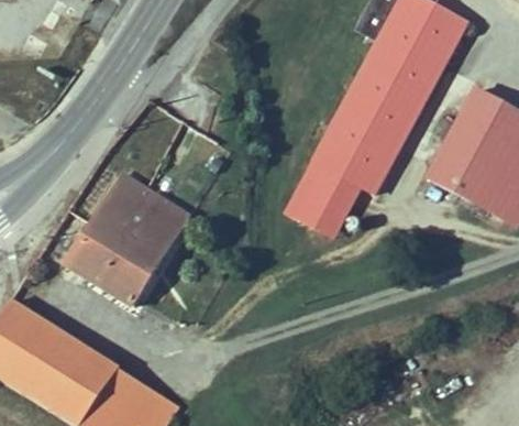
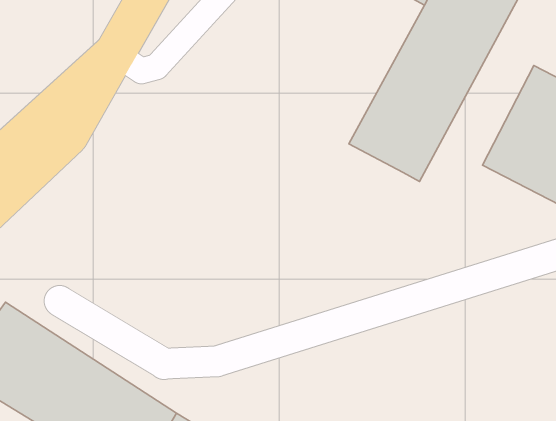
building: [286,160,360,236] -> none
building: [64,173,188,305] -> none

